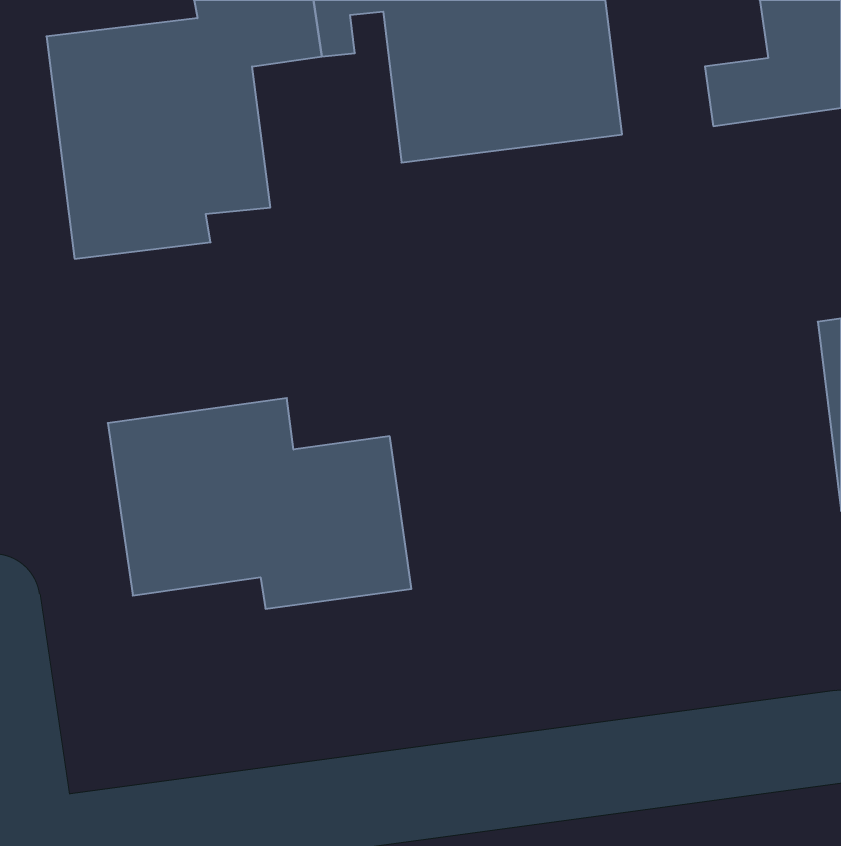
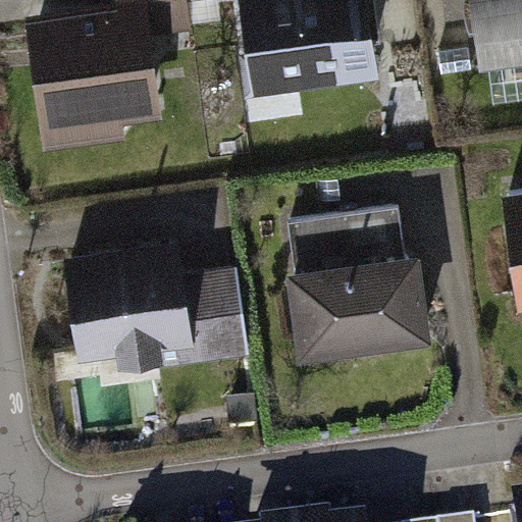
building: none -> [283,210,430,357]

